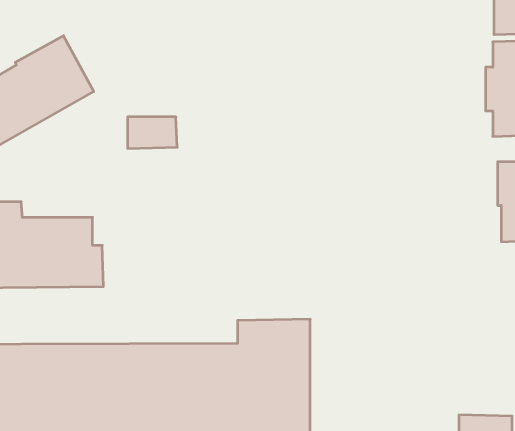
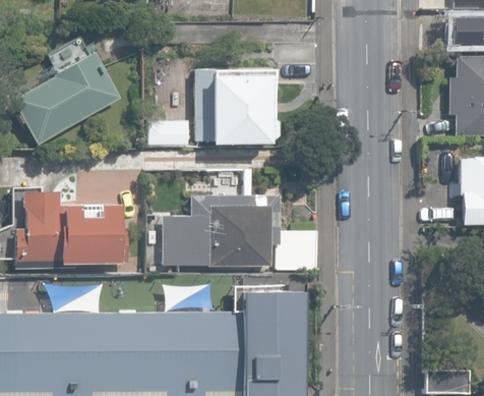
building: none -> [196,67,276,144]
building: none -> [162,193,317,270]

